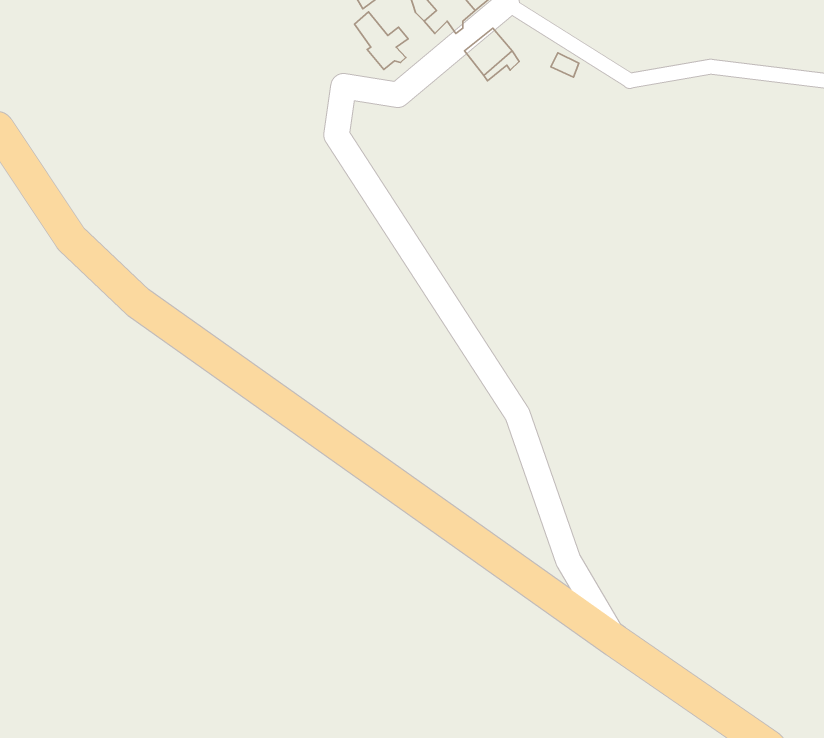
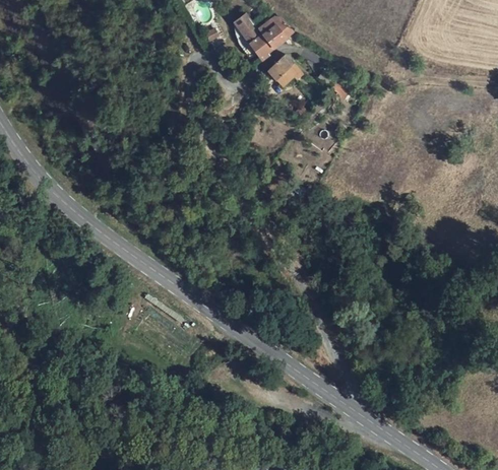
building: [354,12,408,69] -> none

